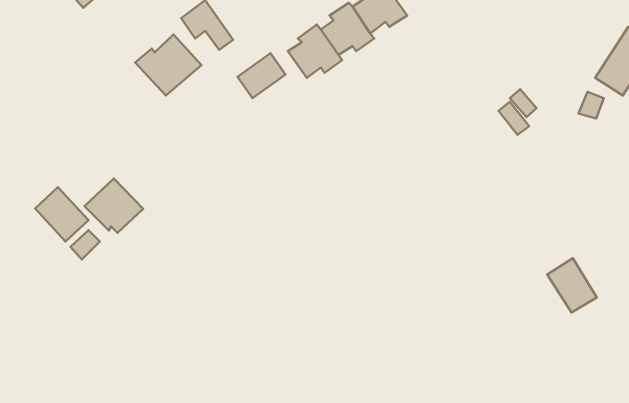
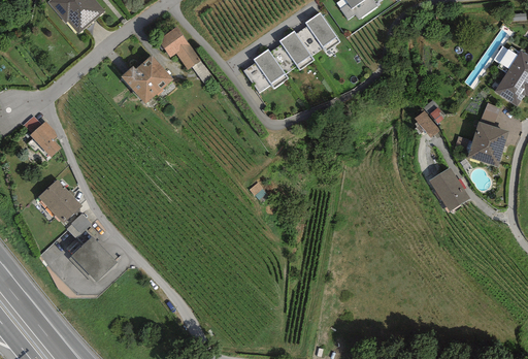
building: [238,53,285,98] -> none
building: none -> [467,120,508,165]
building: none -> [29,122,61,158]
building: [85,178,143,233] -> [68,235,116,280]
building: [547,258,597,313] -> [429,166,469,210]

